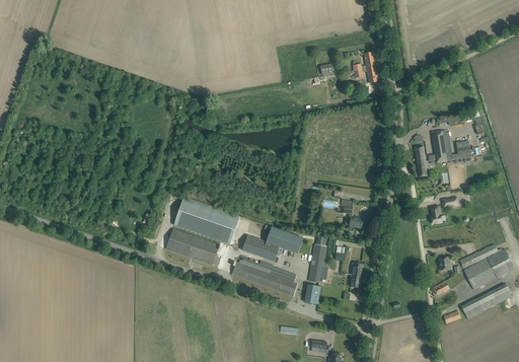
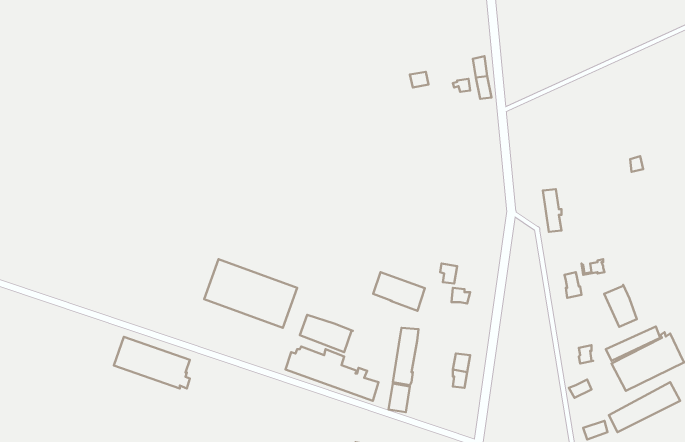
building: [432,129,471,163] -> none
building: none -> [604,285,637,327]
building: [267,226,303,254] -> [373,272,425,311]
building: [166,228,220,265] -> [114,337,190,388]

